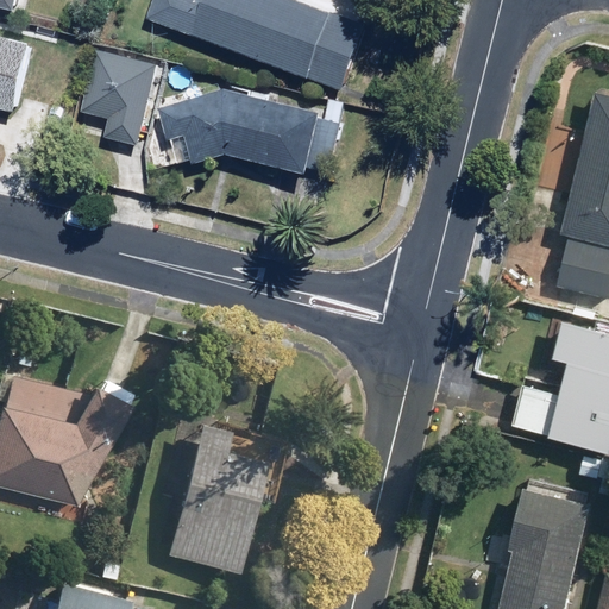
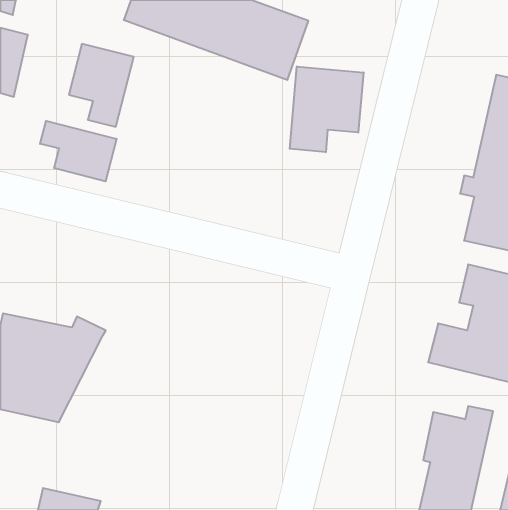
building: none -> [290,66,364,152]
building: [157,89,324,182] -> none
building: none -> [40,121,117,181]
building: [163,404,277,566] -> none

